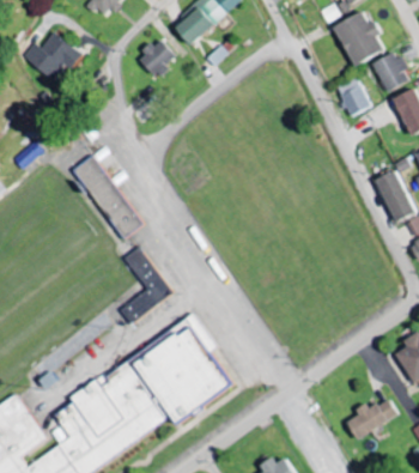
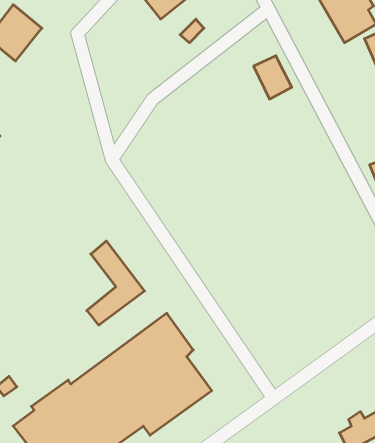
building: [136,38,175,77] -> none
building: [335,78,370,117] -> [254,56,292,99]
building: [71,156,141,238] -> none

